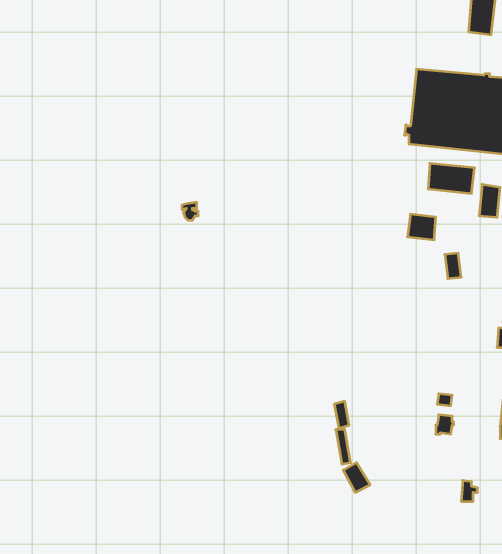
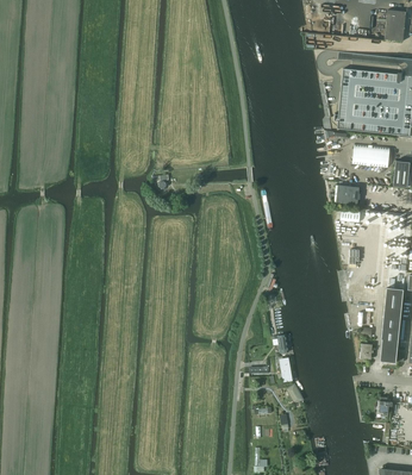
building: none -> [381,288,402,363]

